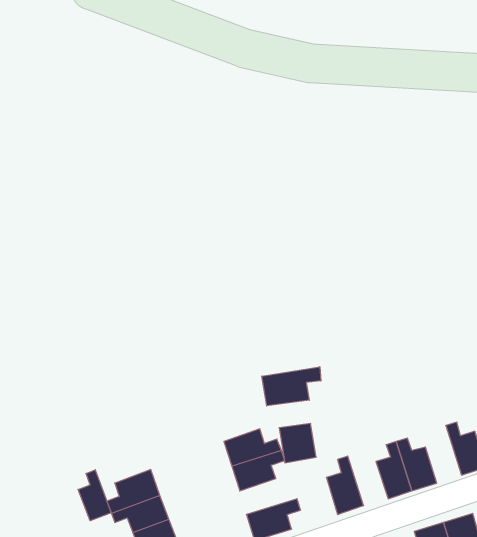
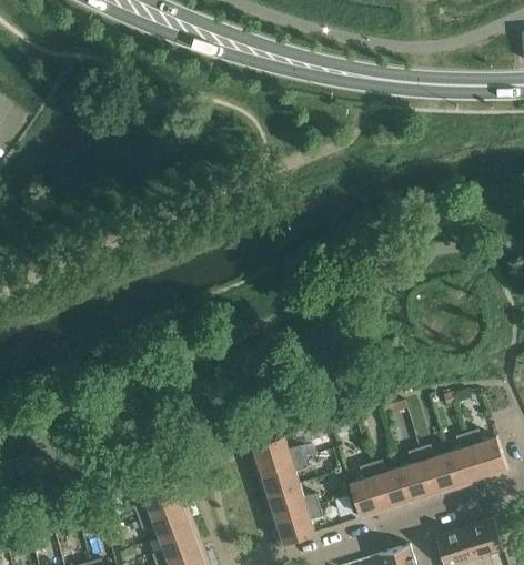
building: [262,367,321,406] -> none
building: none -> [446,432,482,488]
building: none -> [370,458,410,511]
building: [78,470,111,521] -> none
building: none -> [263,484,320,519]

